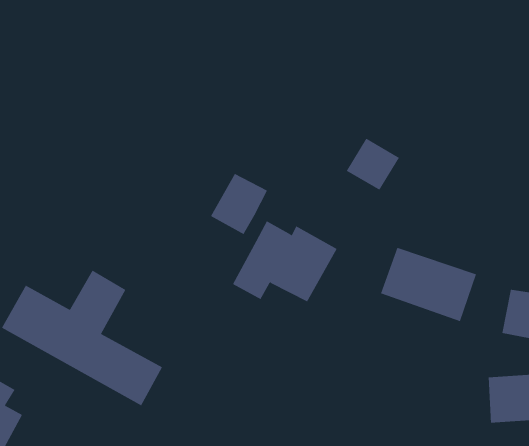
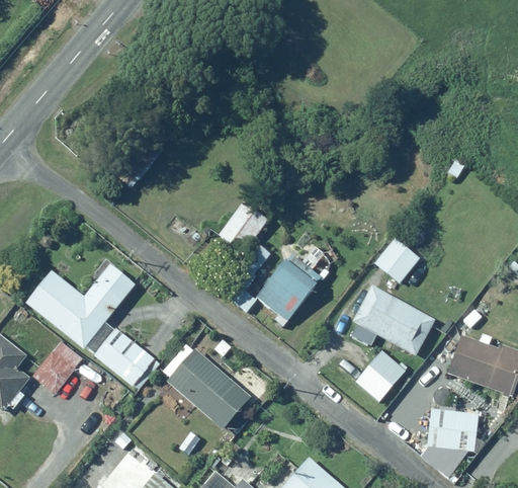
building: [346,138,400,190] -> [372,238,420,284]
building: none -> [353,351,405,404]
building: none -> [160,344,251,429]
building: none -> [32,341,83,394]

